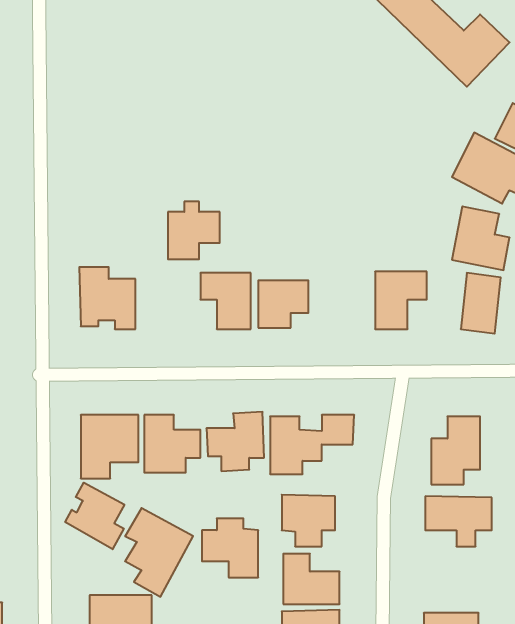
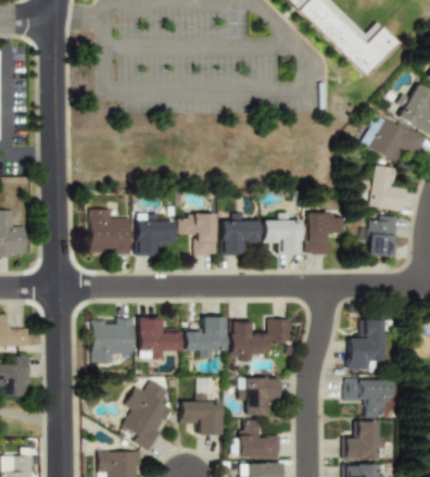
building: [168,202,220,259] -> [135,214,173,256]
building: none -> [263,216,300,254]
building: [65,483,124,549] -> none
building: none -> [342,420,381,460]

